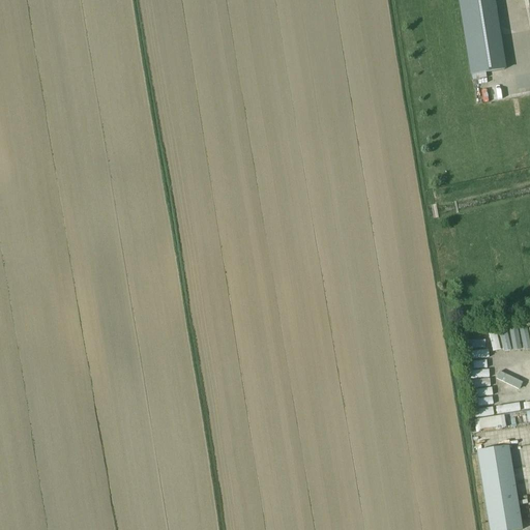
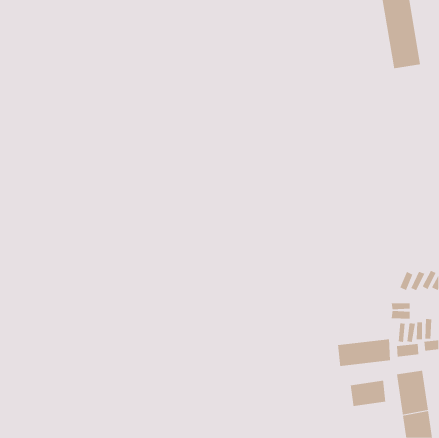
building: none -> [338,338,391,367]
building: none -> [350,380,386,407]

